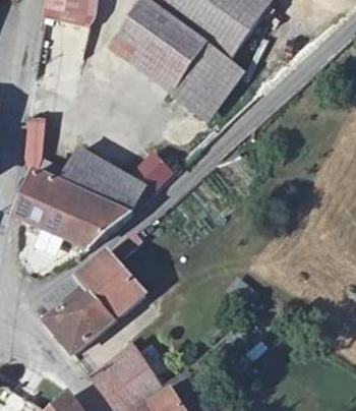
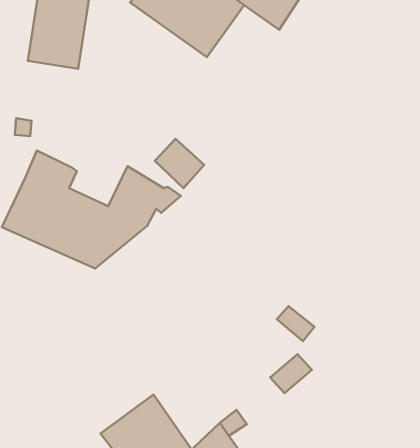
building: [169,42,232,111] -> none
building: [67,149,113,199] -> none
building: [44,230,144,353] -> none

